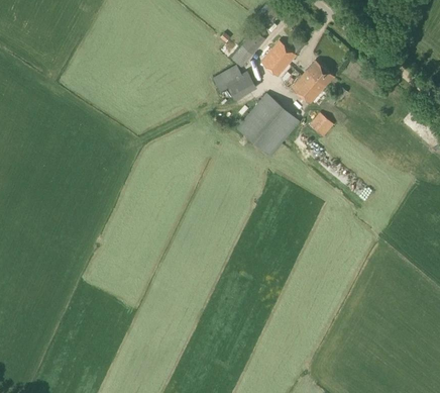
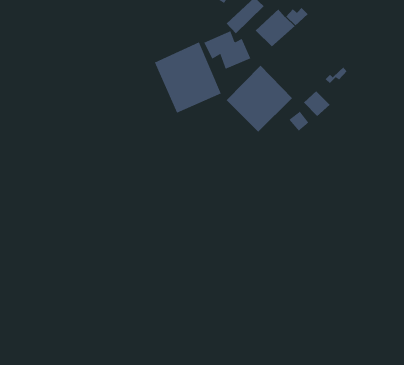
building: [292,61,333,103] -> none
building: none -> [154,42,221,113]

